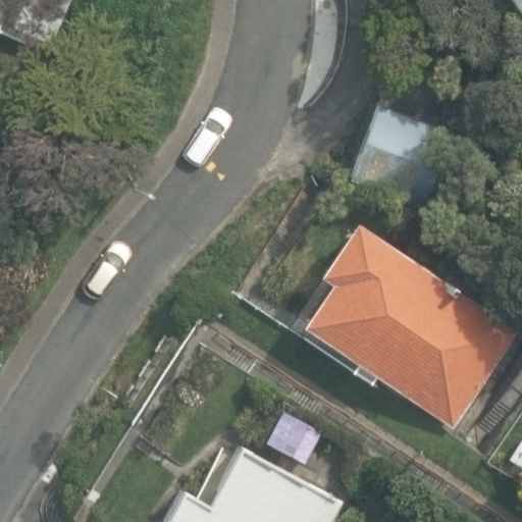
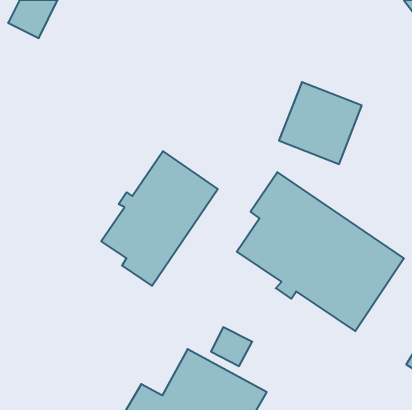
building: none -> [101,151,218,286]

